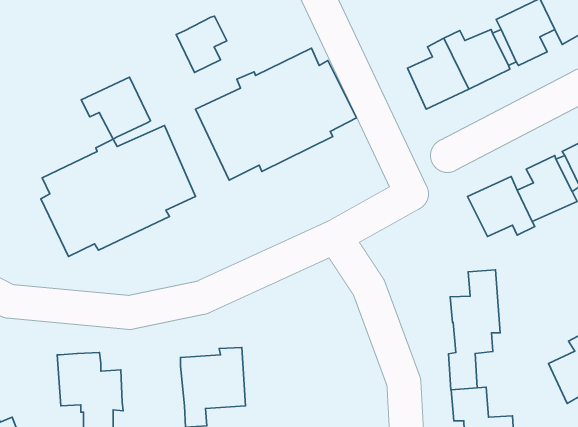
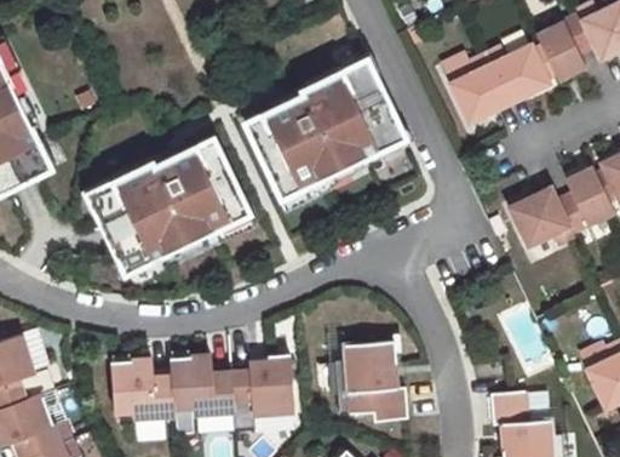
building: [176,16,227,73] -> none
building: [81,77,150,139] -> none
building: [448,270,500,390] -> none
building: none -> [333,341,407,422]
building: none -> [170,355,232,415]

